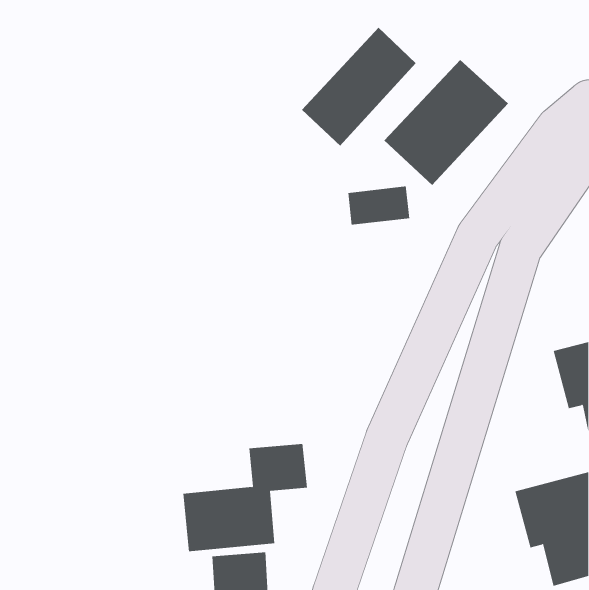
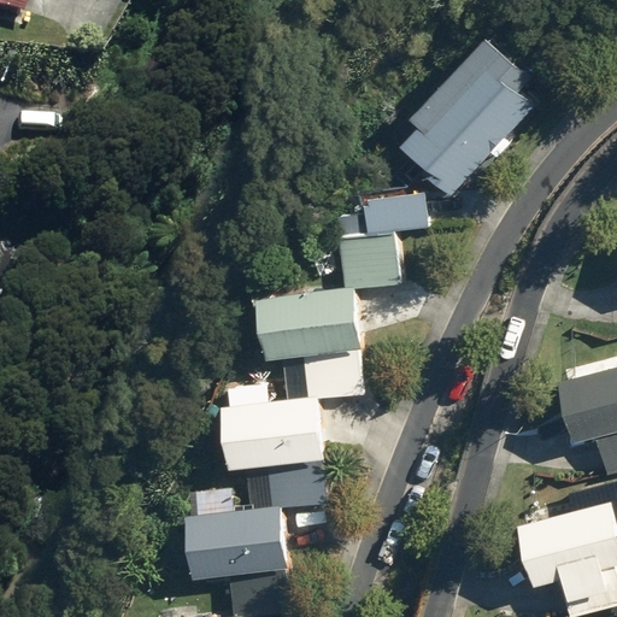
building: [301,27,417,146] -> none
building: none -> [257,245,387,358]
building: none -> [224,357,355,470]

